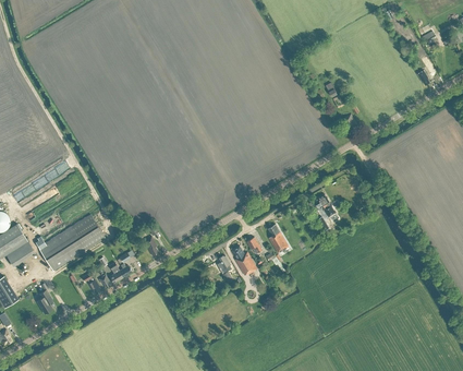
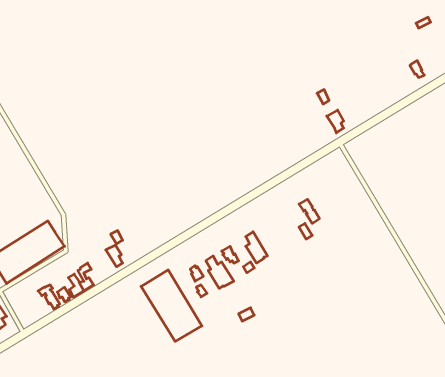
building: none -> [141,270,202,341]

